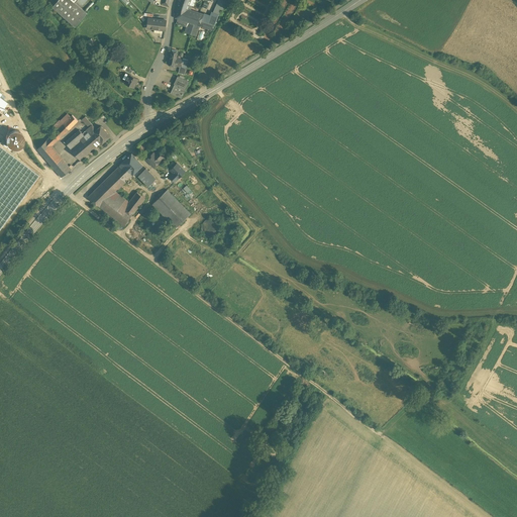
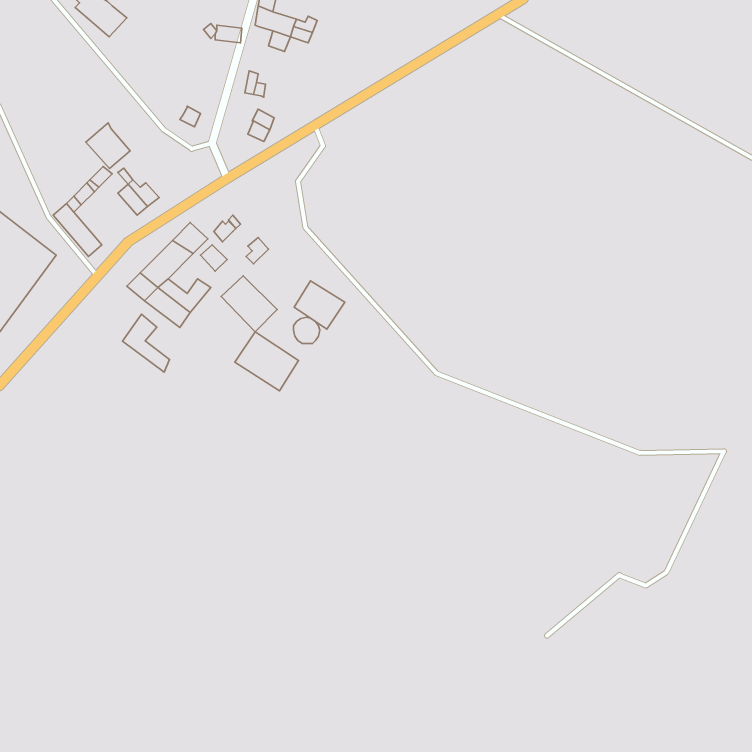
building: [64,128,94,160] -> [86,123,130,169]
building: none -> [294,281,345,329]
building: none -> [123,314,169,372]
building: none -> [235,332,298,391]

